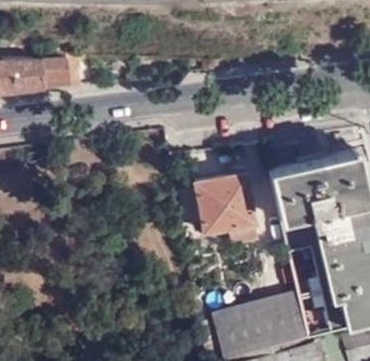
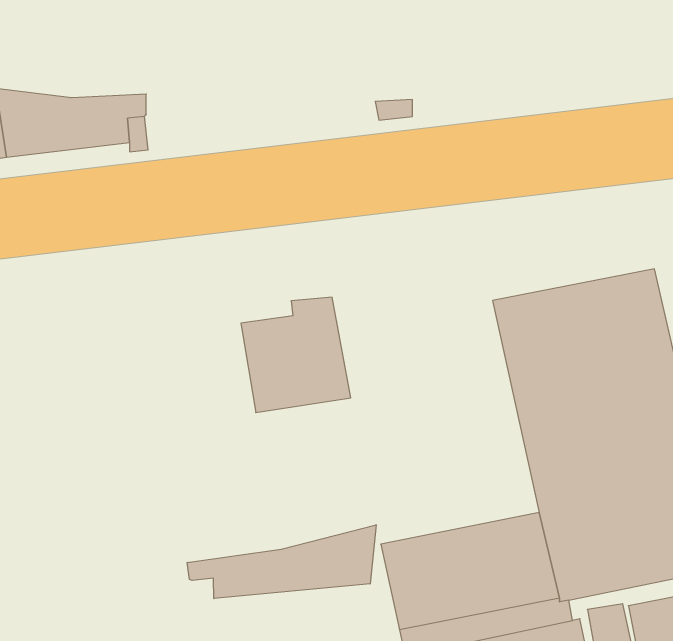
building: [196,171,255,233] -> [241,297,351,413]
building: none -> [187,525,376,599]

